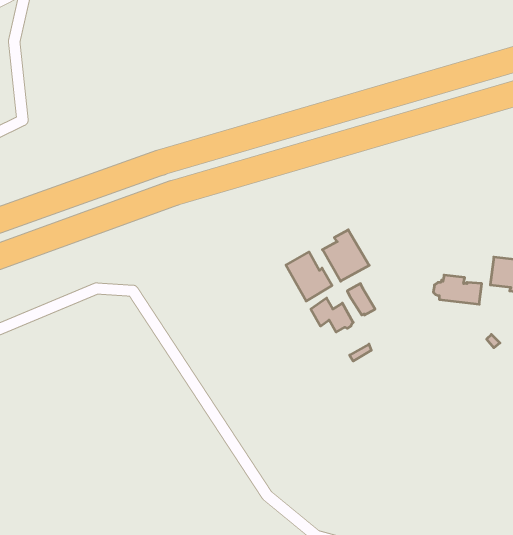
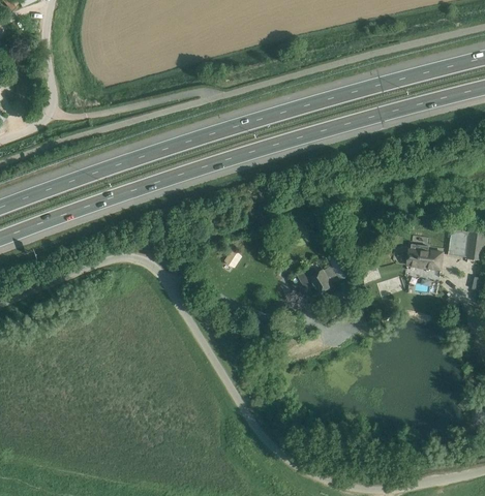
building: [322,230,369,281] -> none
building: [286,252,332,301] -> none

